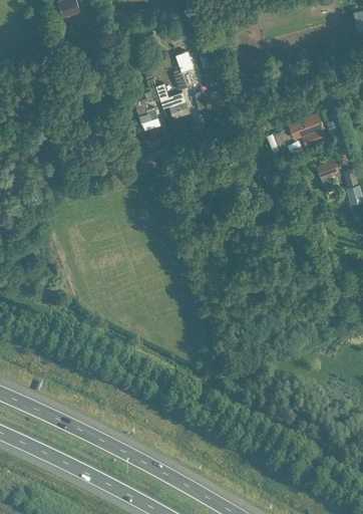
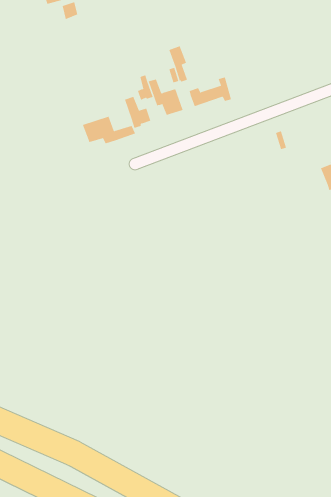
building: [289,113,323,140] -> none
building: none -> [82,116,136,144]

